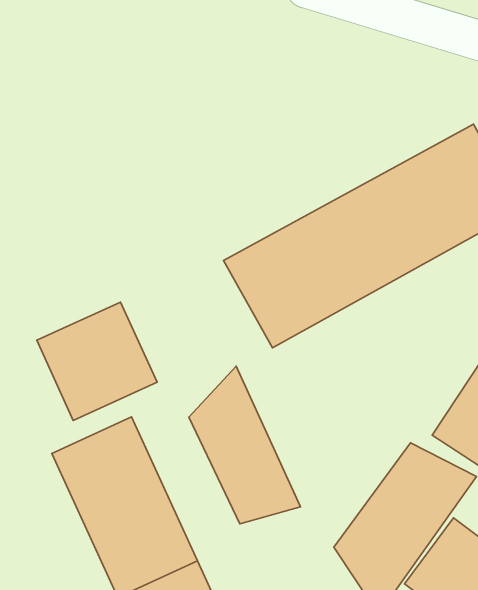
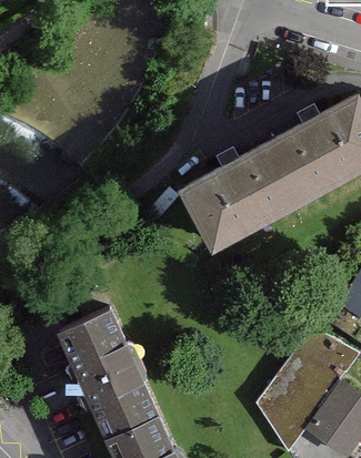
building: [37,302,157,421] -> none
building: [189,366,301,524] -> none

